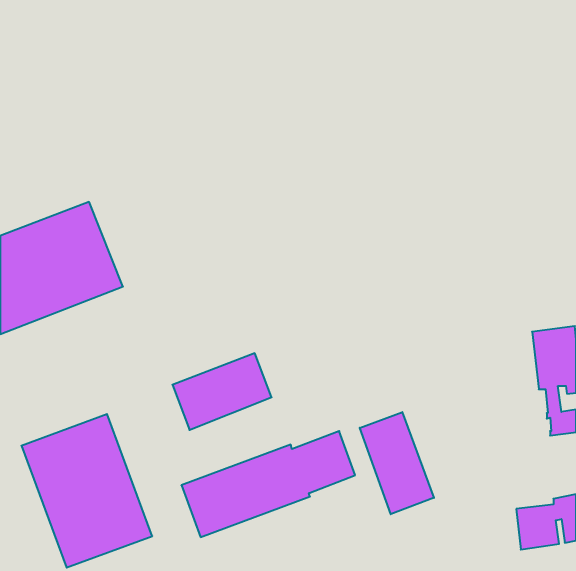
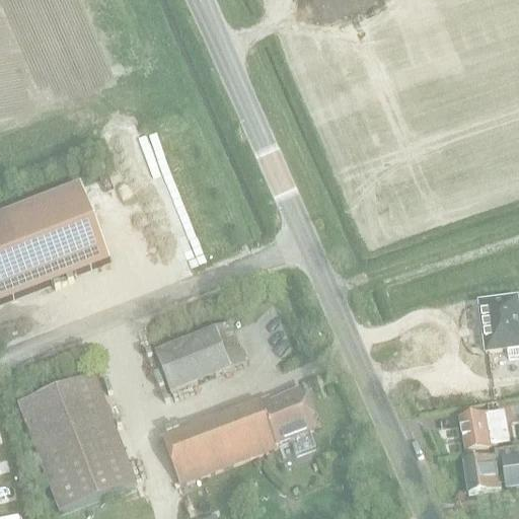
building: [360,412,434,514] -> none
building: none -> [460,413,497,449]

